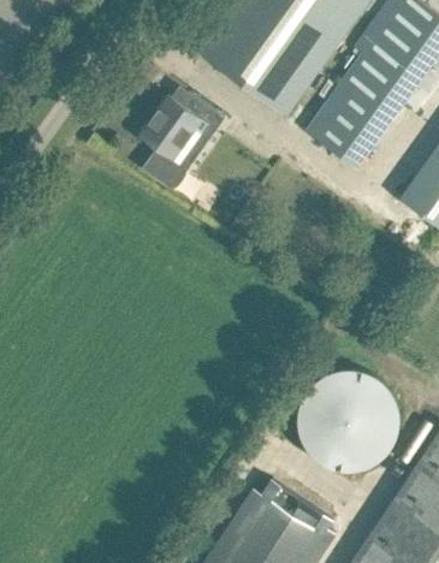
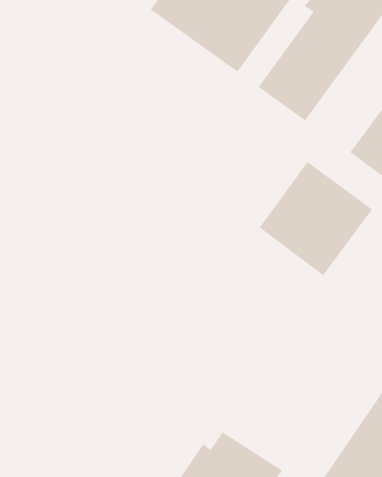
building: [137,94,214,185] -> none
building: none -> [259,161,373,276]
building: [290,362,403,480] -> none

